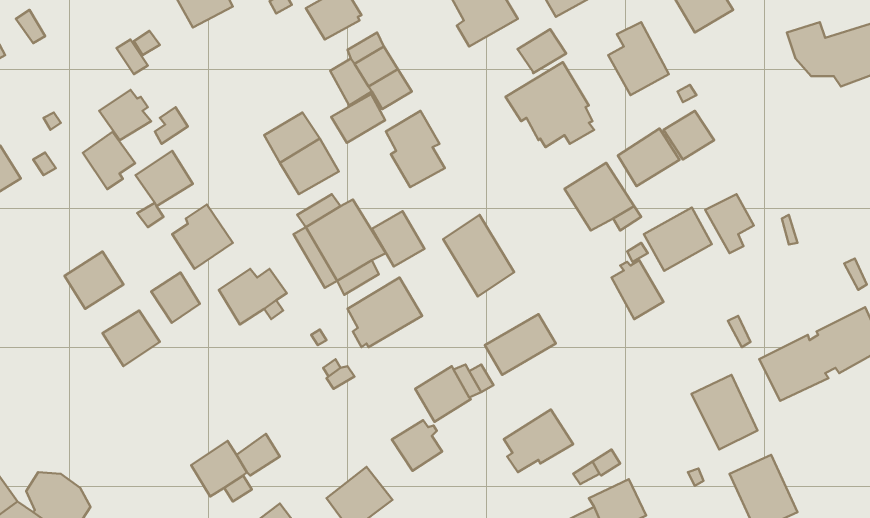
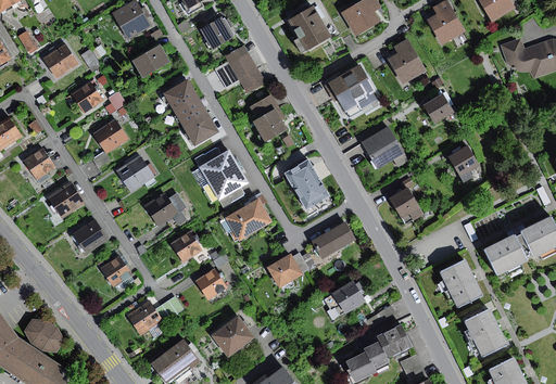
building: [517,29,566,73] -> none
building: none -> [42,43,77,77]
building: none -> [131,43,169,77]
building: [331,94,385,143] -> [163,78,197,108]
building: [618,129,679,186] -> none
building: [83,132,135,189] -> [23,146,55,182]
building: [644,208,712,271] -> none
building: [372,211,425,267] -> none
building: [151,273,200,323] -> [100,255,130,286]
building: none -> [170,231,201,261]
building: [392,420,442,471] -> [194,268,226,299]

